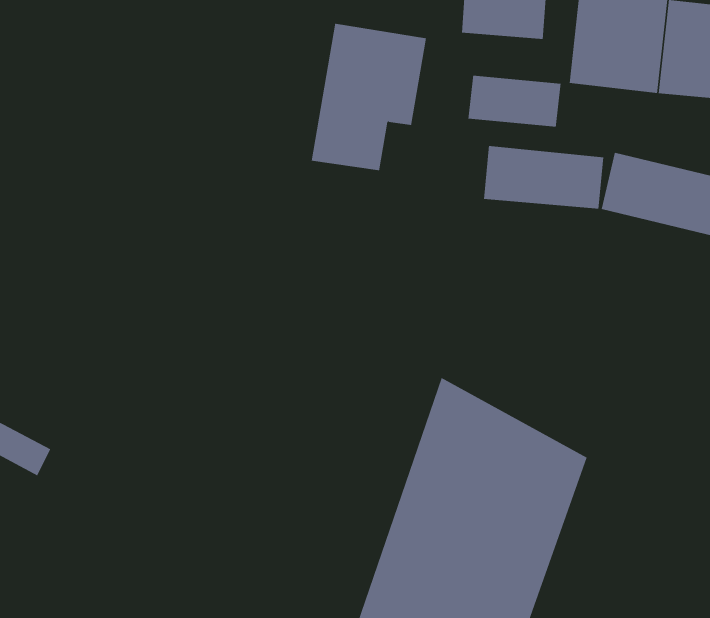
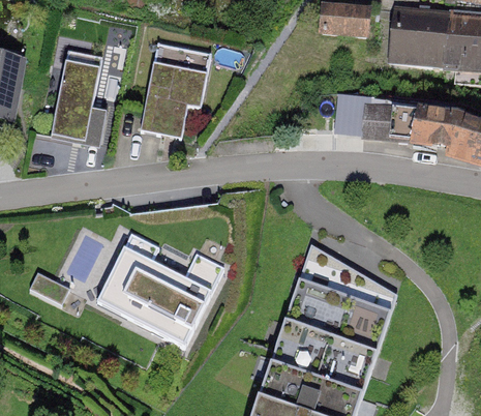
building: [311,23,427,171] -> [140,47,211,138]
building: none -> [49,52,104,142]
building: [468,75,561,128] -> none
building: none -> [92,234,219,344]

